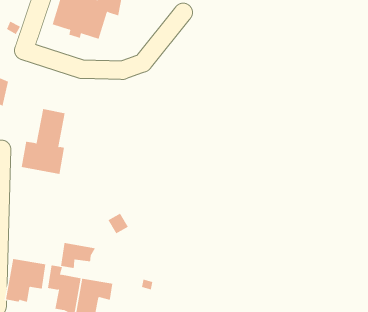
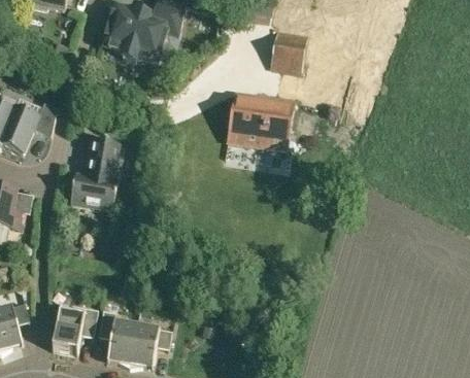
building: none -> [270,29,306,71]
building: none -> [226,91,294,156]
building: [60,242,96,269] -> none

